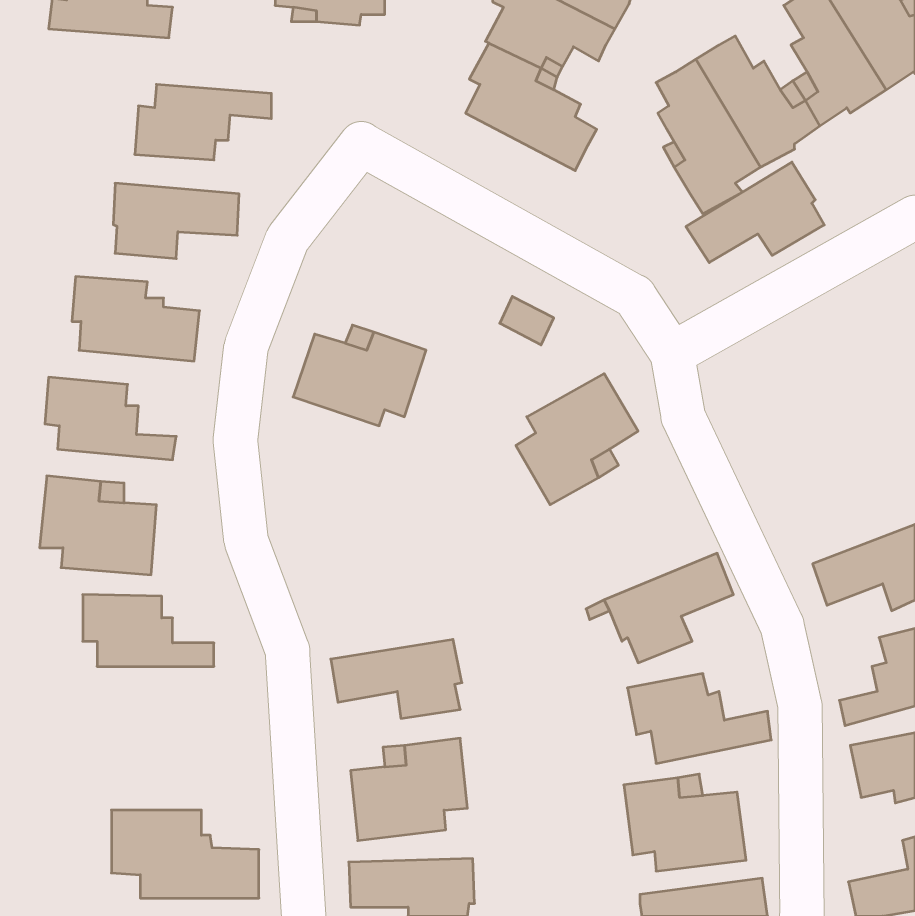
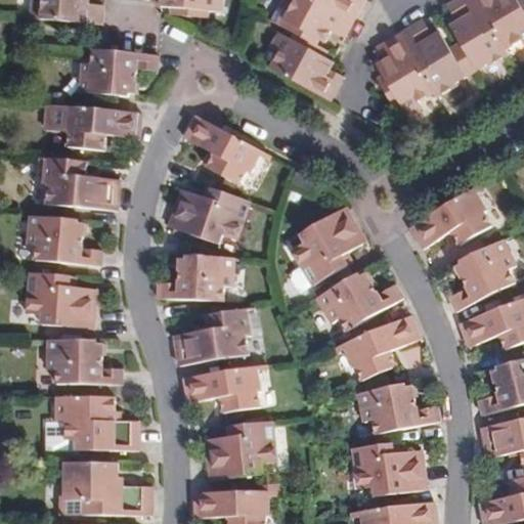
building: [686,162,824,263] -> [412,189,491,247]
building: none -> [189,120,263,187]
building: none -> [447,238,516,310]
building: none -> [157,255,232,297]
building: none -> [316,273,403,330]
building: none -> [172,308,245,361]
building: none -> [57,396,135,447]

